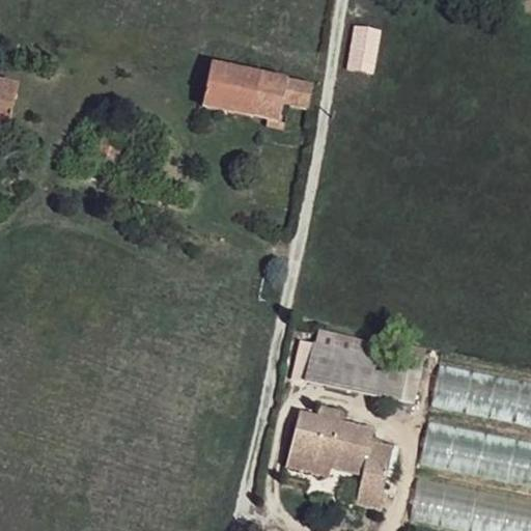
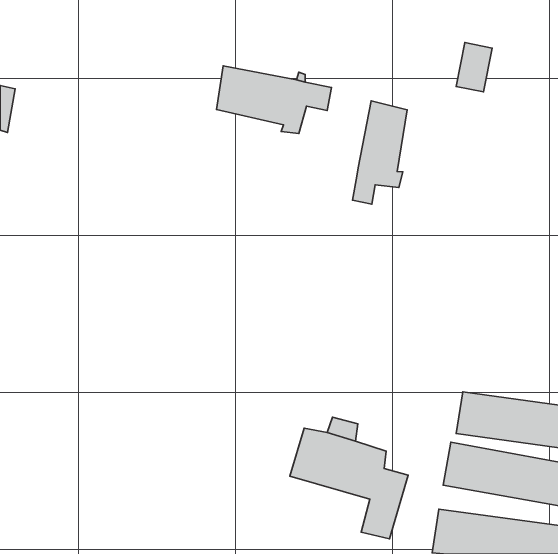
building: [351,25,385,72] -> [456,43,492,92]
building: none -> [352,101,407,204]
building: [301,342,410,399] -> none

